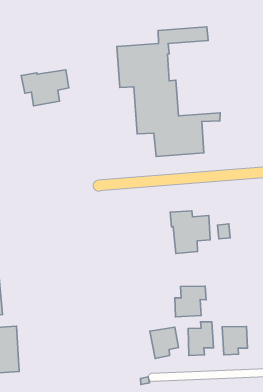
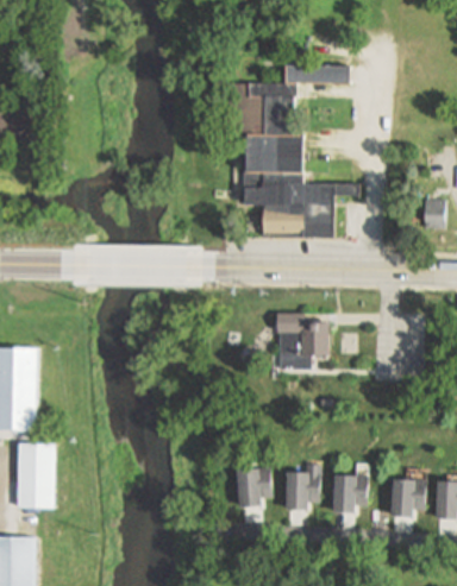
building: [21,70,69,106] -> none
building: [175,286,206,317] -> none

